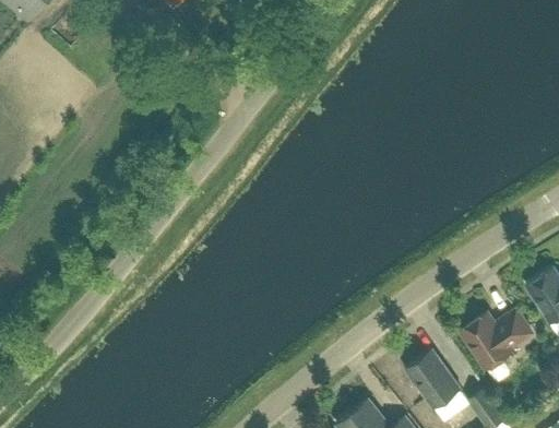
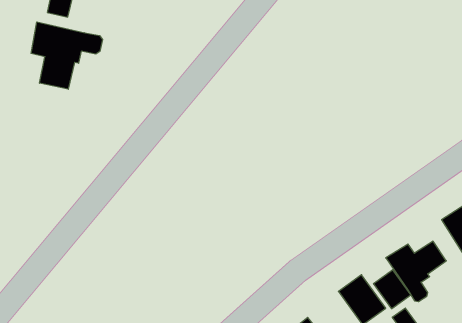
building: none -> [31,22,102,89]
building: none -> [374,270,411,309]

